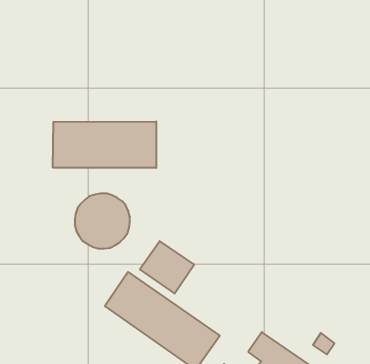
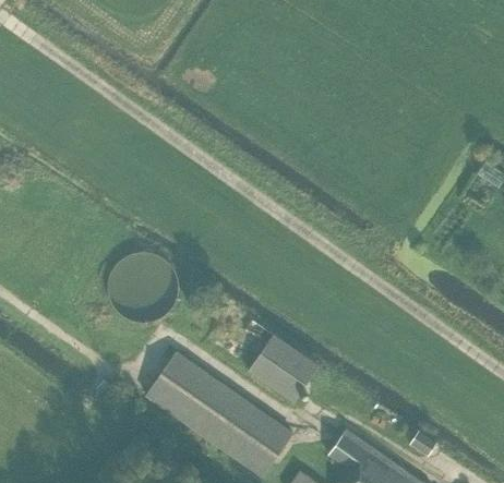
building: [53,121,156,168] -> none
building: [140,241,194,294] -> [249,336,317,402]

